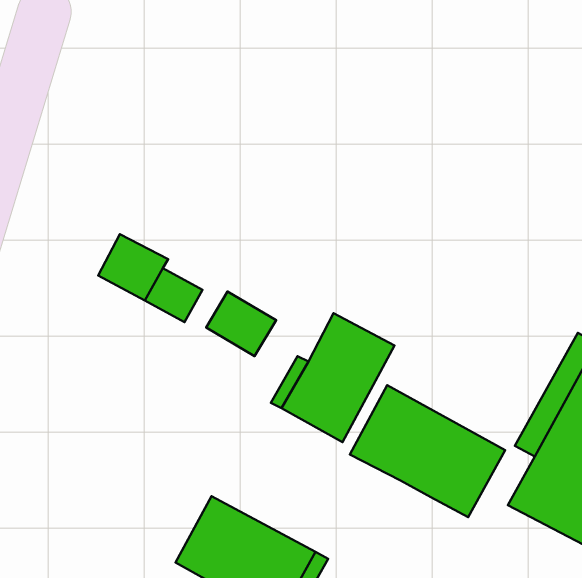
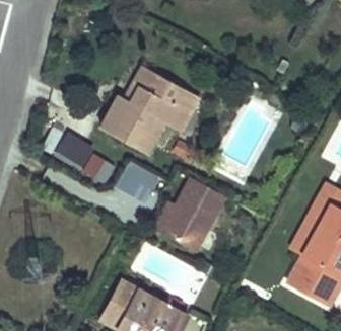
building: none -> [99,65,198,152]
building: [350,385,505,517] -> none

